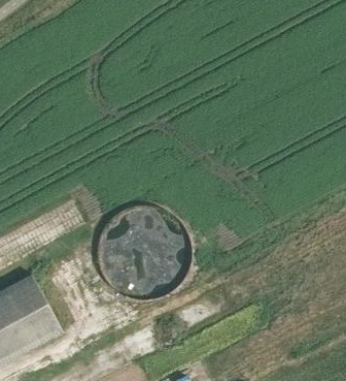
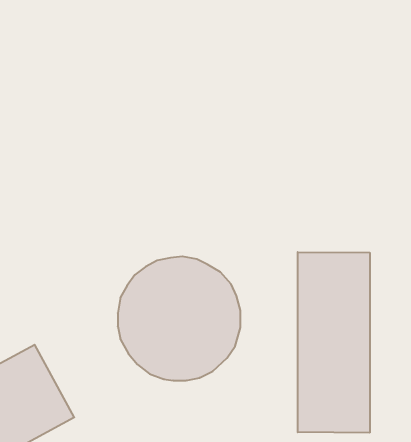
building: none -> [298,252,370,433]

